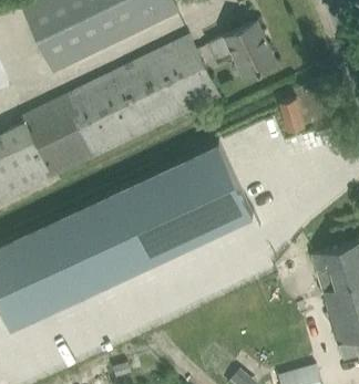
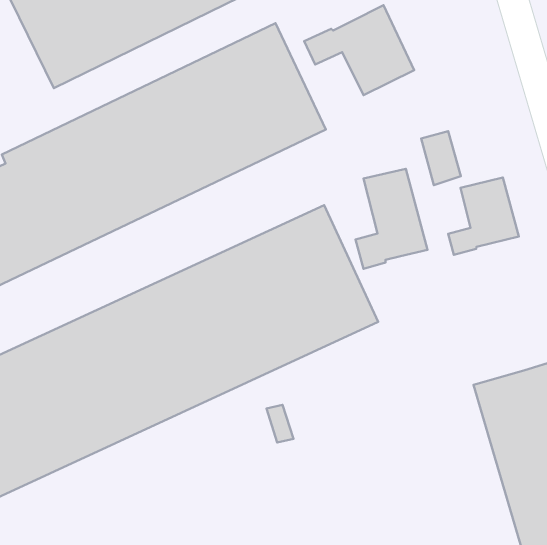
building: none -> [355,169,428,269]
building: none -> [448,178,519,255]

